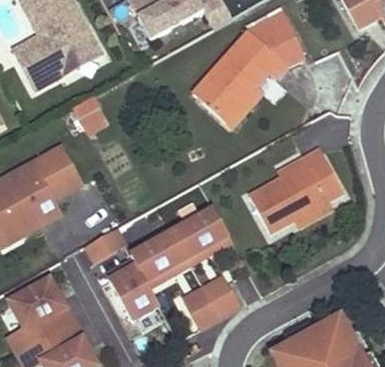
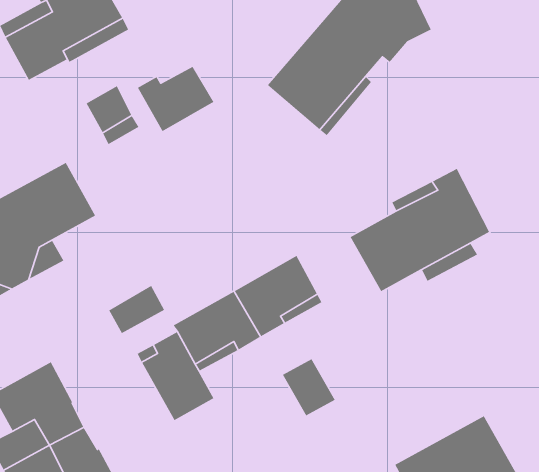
building: none -> [137,66,215,132]
building: [183,287,220,328] -> none

